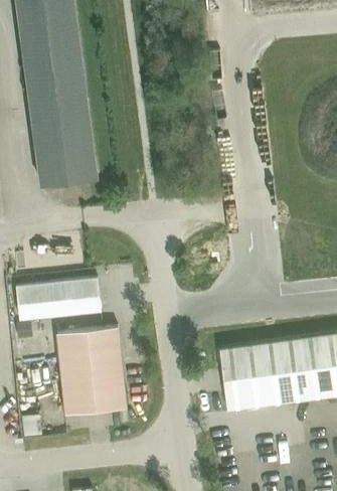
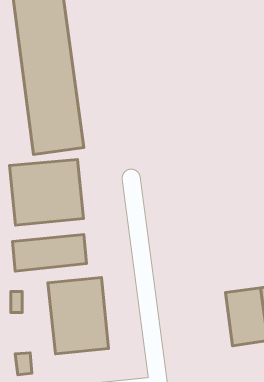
building: none -> [9,160,83,225]
building: [219,345,268,412] -> none

